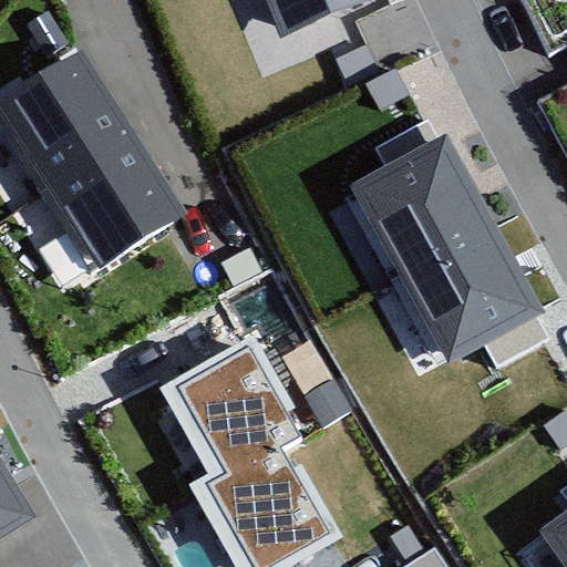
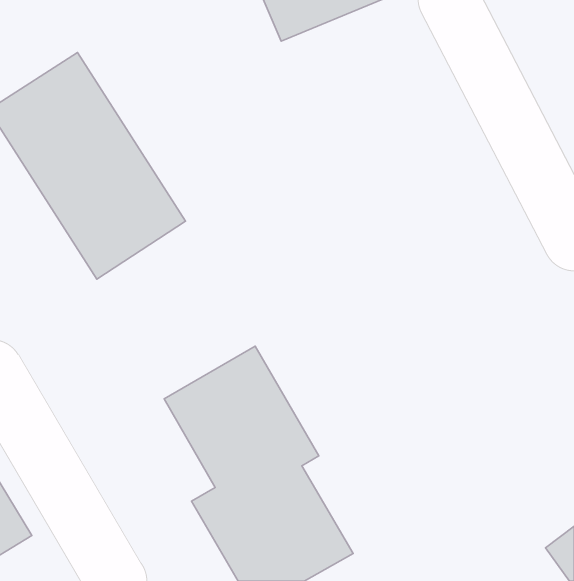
building: [346,132,540,365] -> none

